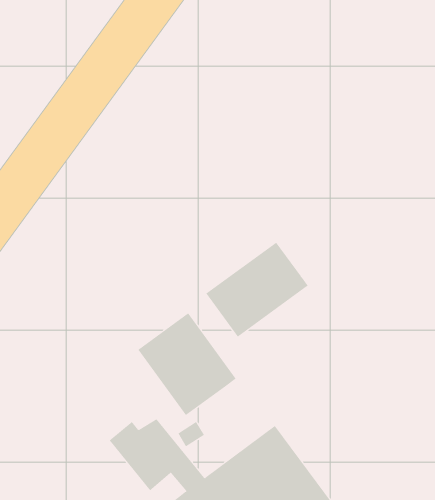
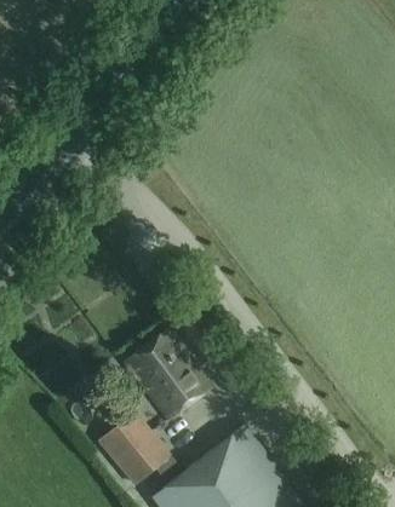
building: [205,242,308,337] -> none

